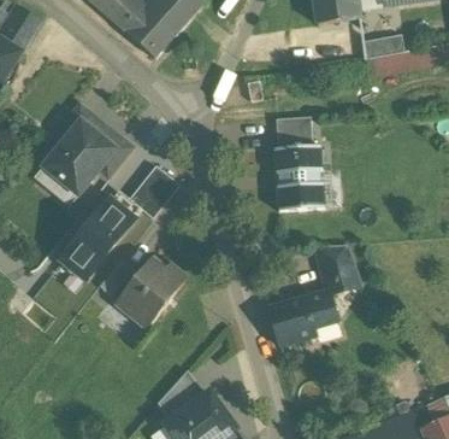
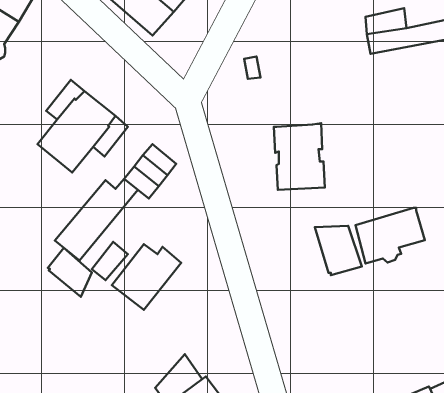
building: [276,116,312,148] -> none
building: none -> [48,248,92,297]
building: [271,291,338,345] -> [355,208,425,264]

